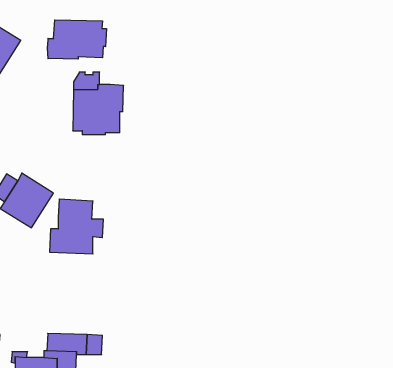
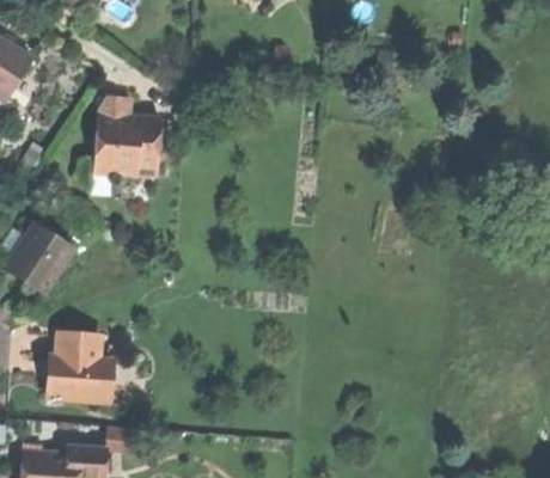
building: [48,20,106,59] -> none
building: [50,199,103,254] -> [48,333,115,402]

